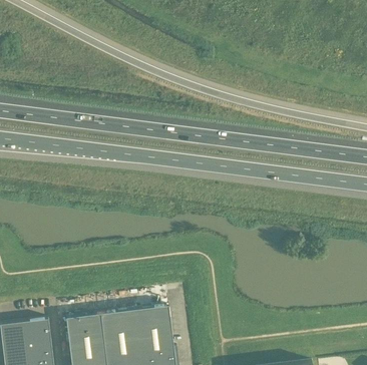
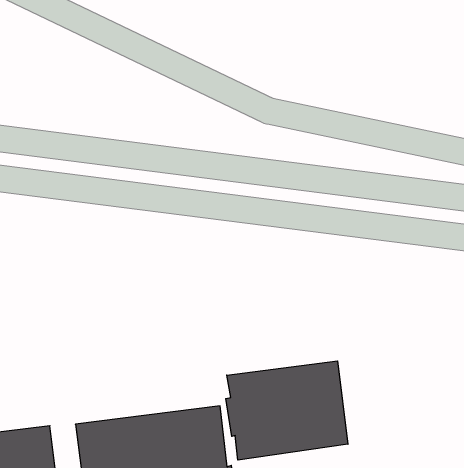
building: none -> [226,361,348,460]

